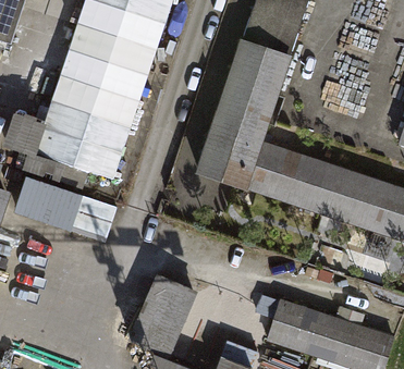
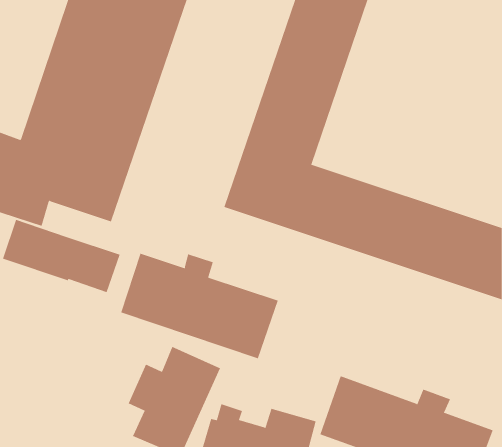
building: none -> [121,253,279,359]

